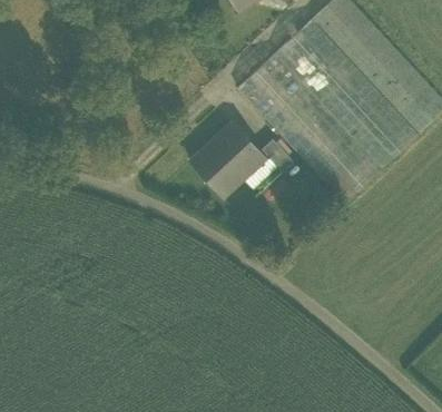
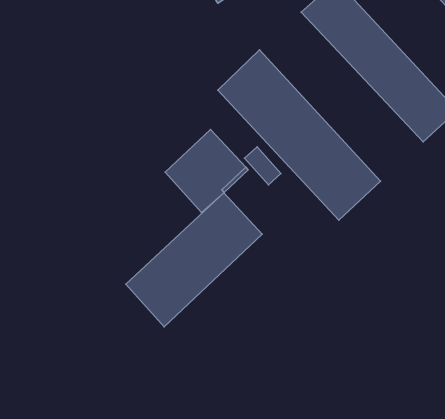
building: [275,18,420,167] -> none
building: none -> [126,193,262,327]

